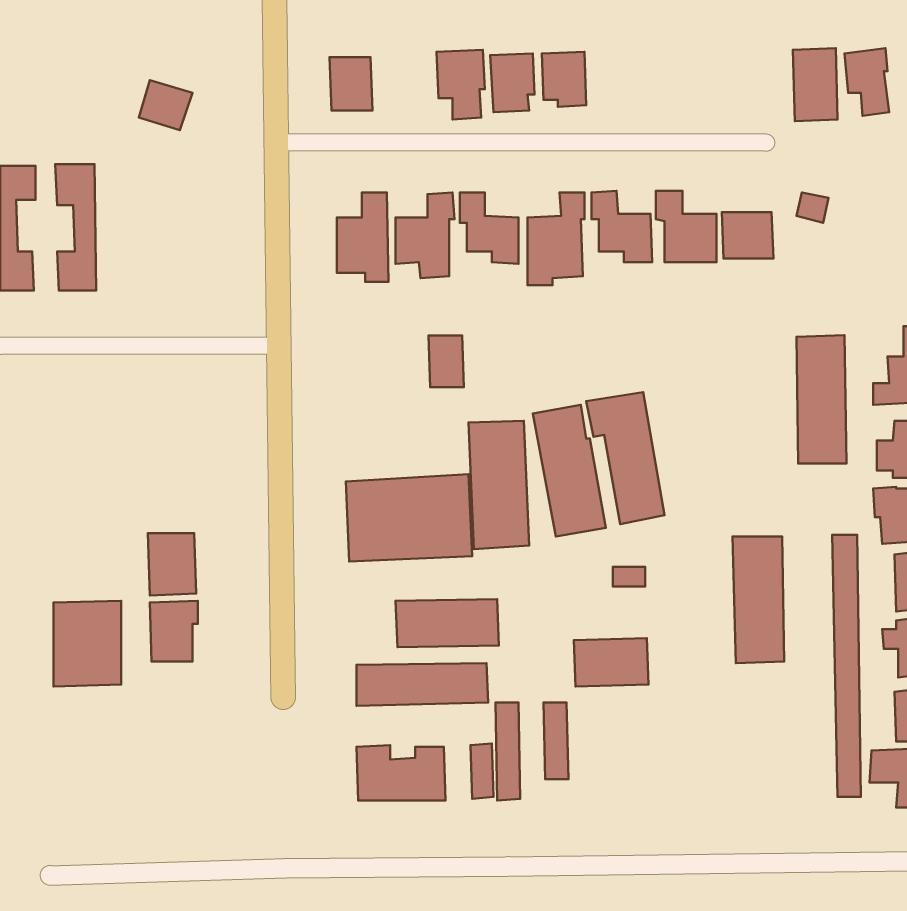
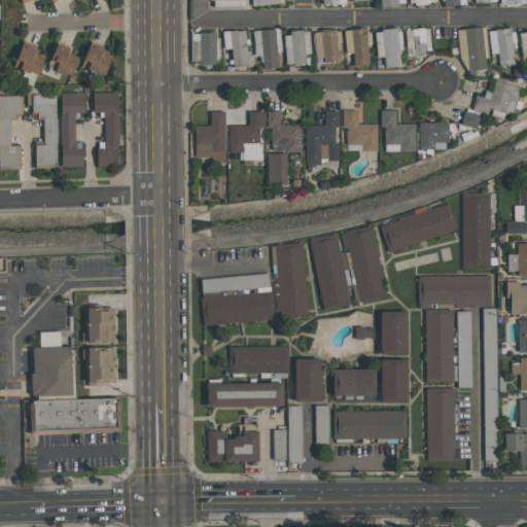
building: none -> [345,28,372,66]
building: none -> [376,29,403,67]
building: none -> [407,29,431,55]
building: none -> [223,30,249,67]
building: none -> [14,44,46,76]
building: none -> [49,44,79,75]
building: none -> [473,80,520,118]
building: none -> [95,92,119,167]
building: none -> [62,93,86,167]
building: [428,336,464,387] -> [268,153,288,183]
building: none -> [380,203,458,252]
building: none -> [419,275,492,307]
building: none -> [381,311,409,354]
building: none -> [457,311,472,386]
building: none -> [295,358,322,401]
building: none -> [381,359,409,402]
building: none -> [426,387,456,461]
building: none -> [30,398,118,434]
building: none -> [335,411,407,440]

